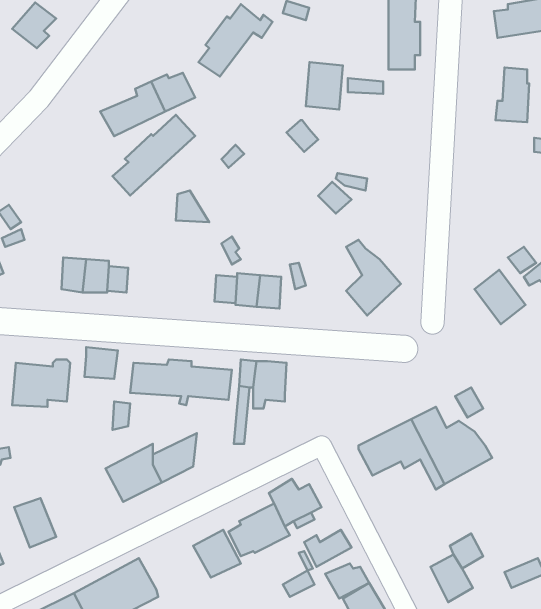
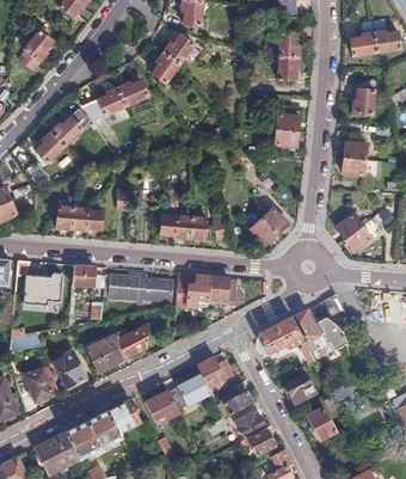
building: [306,62,343,110] -> [273,113,299,146]
building: [113,115,195,196] -> [32,108,88,162]
building: none -> [342,142,365,174]
building: none -> [208,276,236,305]
building: none -> [53,350,86,386]
building: none -> [283,371,315,401]
building: none -> [109,399,140,430]

